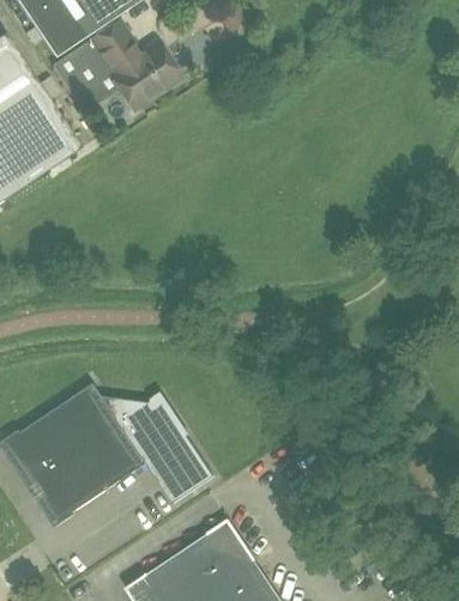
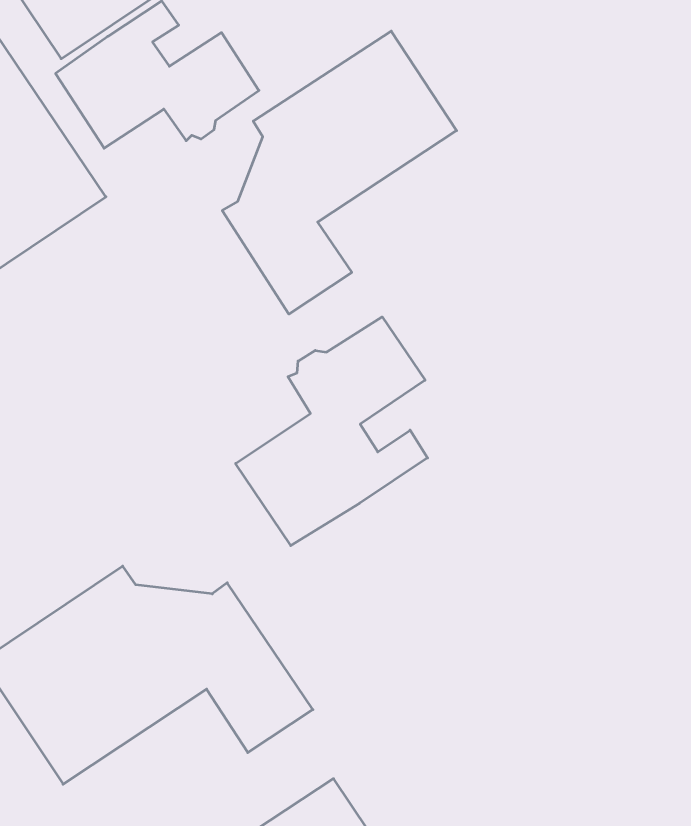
building: none -> [222,31,457,314]
building: none -> [236,317,428,546]

